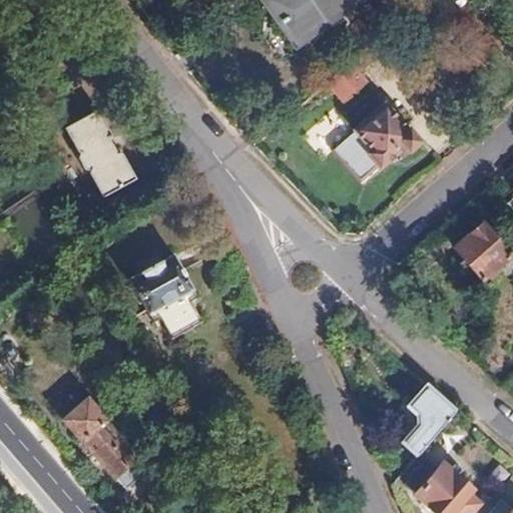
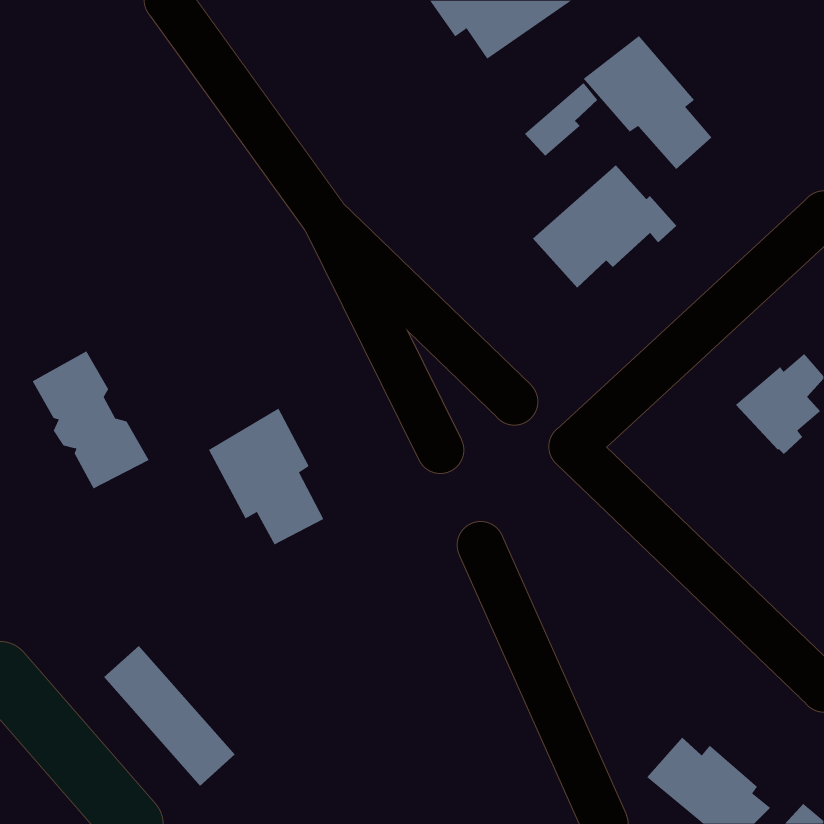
building: none -> [583,35,712,170]
building: [65,109,138,195] -> [32,350,150,489]
building: [400,385,453,456] -> none

